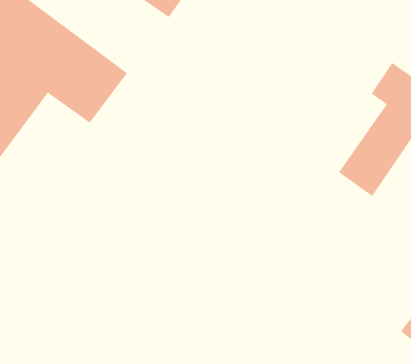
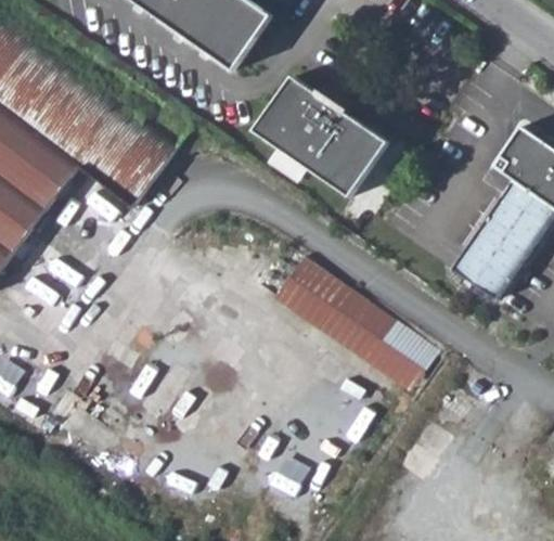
building: none -> [253,76,387,196]
building: none -> [274,257,437,391]

